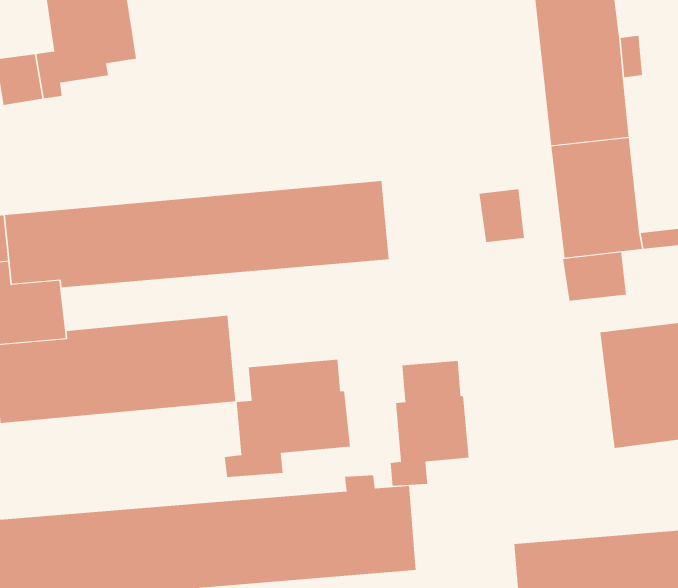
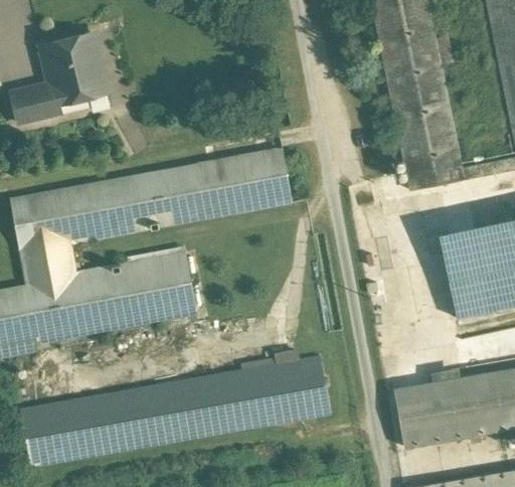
building: [479,188,525,243] -> none
building: [562,252,626,301] -> none
building: [224,359,350,478] -> none
building: [390,360,469,486] -> none

